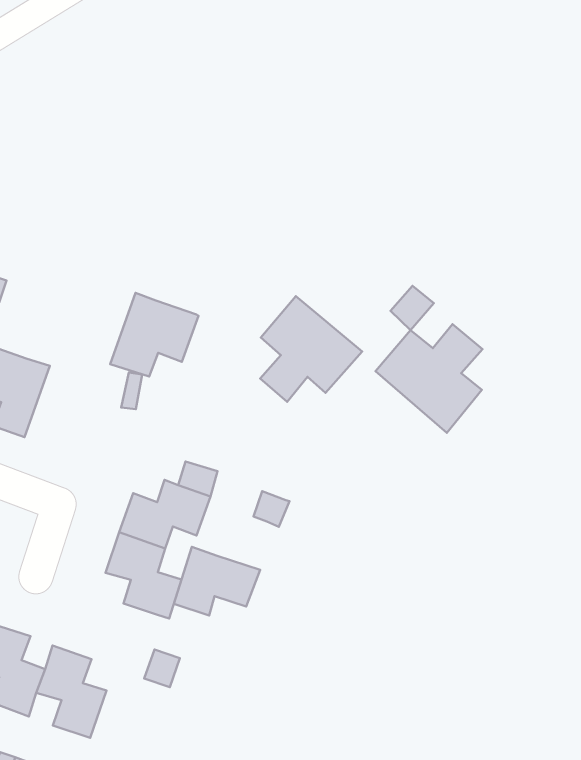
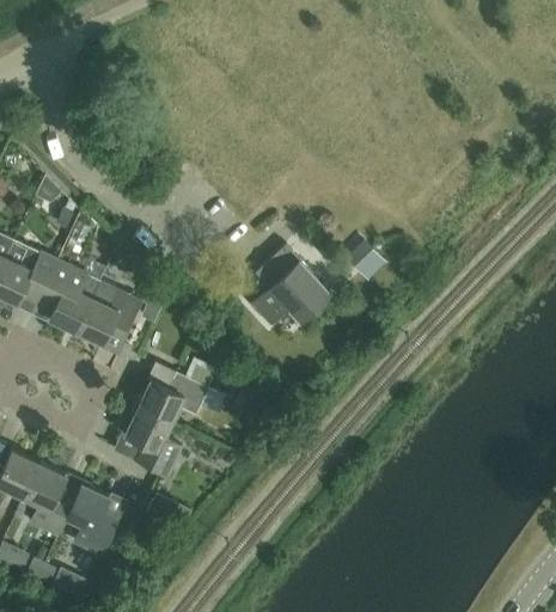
building: [110,293,198,377] -> [75,280,143,342]
building: [376,324,483,433] -> none
building: [174,547,260,616] -> none

